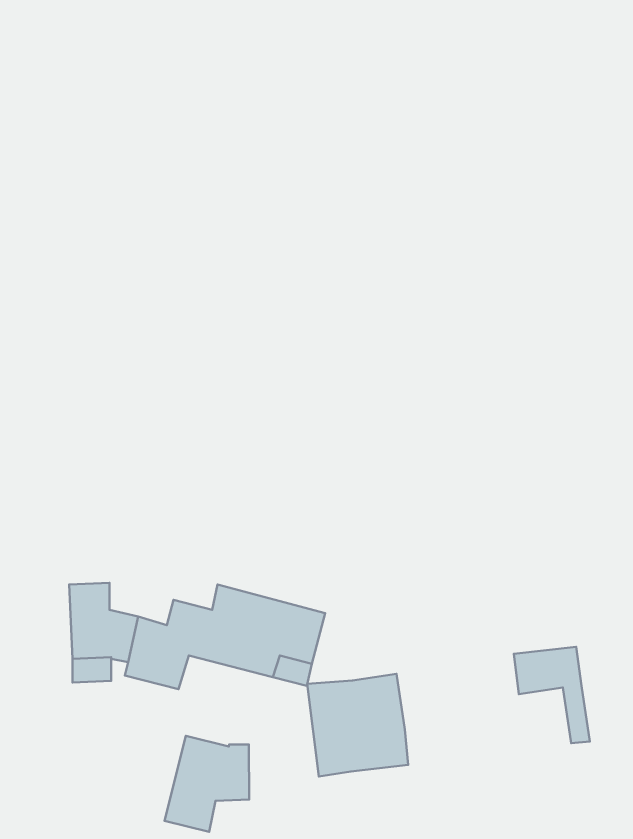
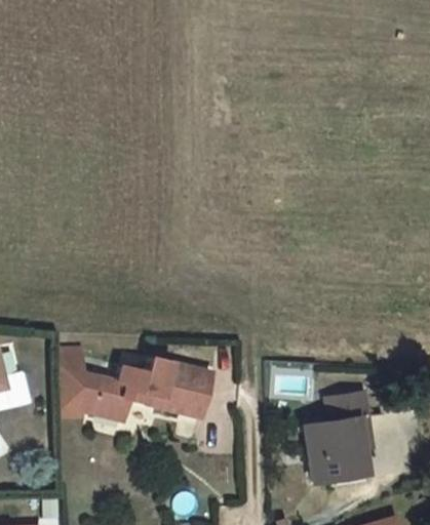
building: [307,674,408,777] -> [306,418,367,481]
building: [164,736,249,832] -> none

